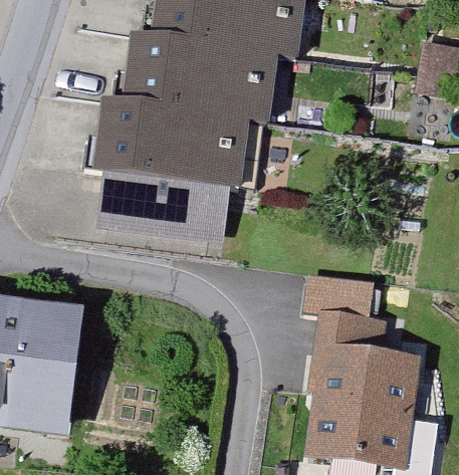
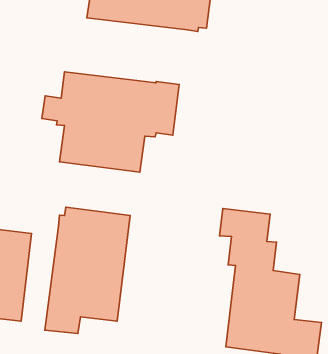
building: [114,37,268,121] -> none
building: none -> [45,207,130,333]

